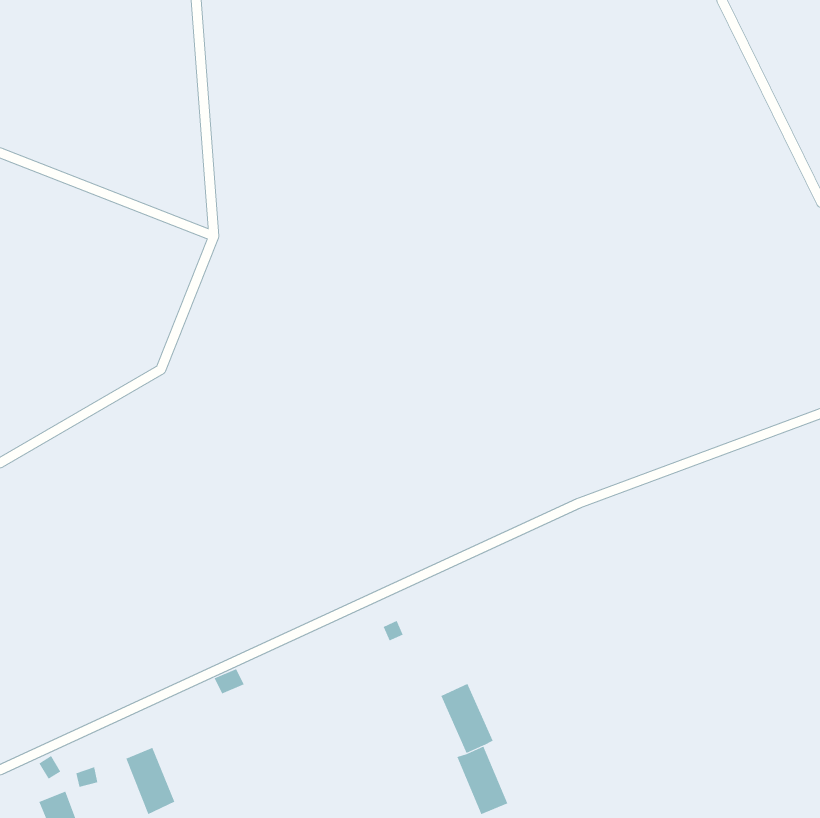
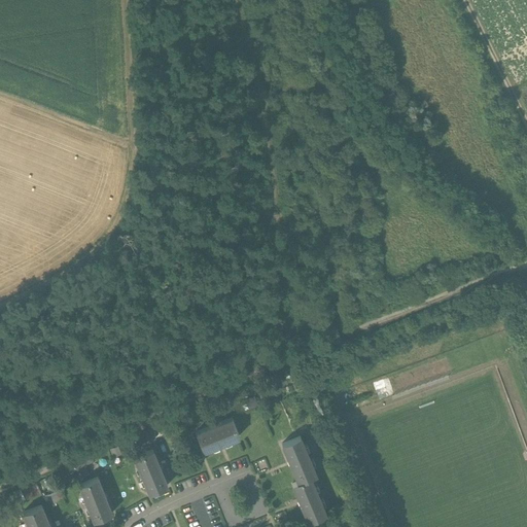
building: none -> [198,422,240,454]
building: none -> [136,453,168,495]

